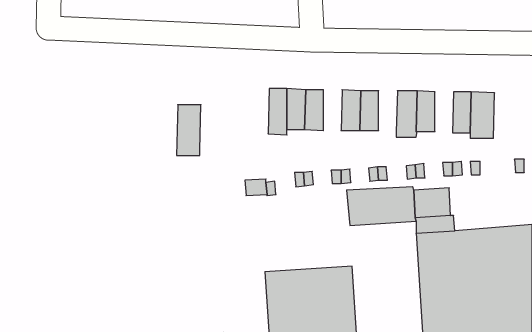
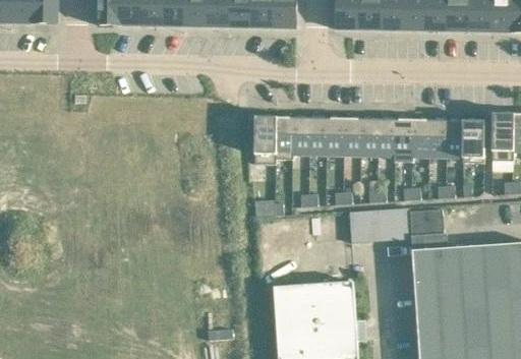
building: none -> [493,113,515,161]
building: none -> [328,118,345,156]
building: none -> [379,119,396,157]
building: none -> [430,120,448,158]
building: [177,105,201,155] -> [255,117,278,164]

